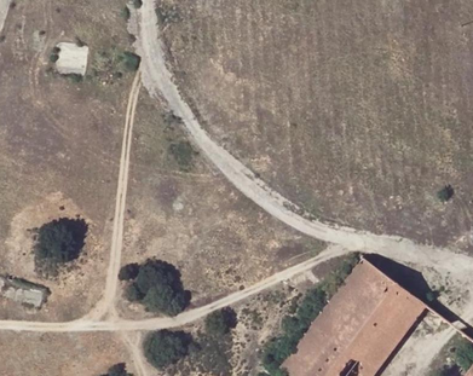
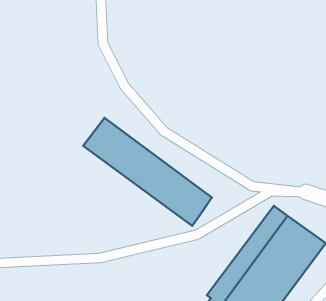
building: none -> [83,118,212,226]

